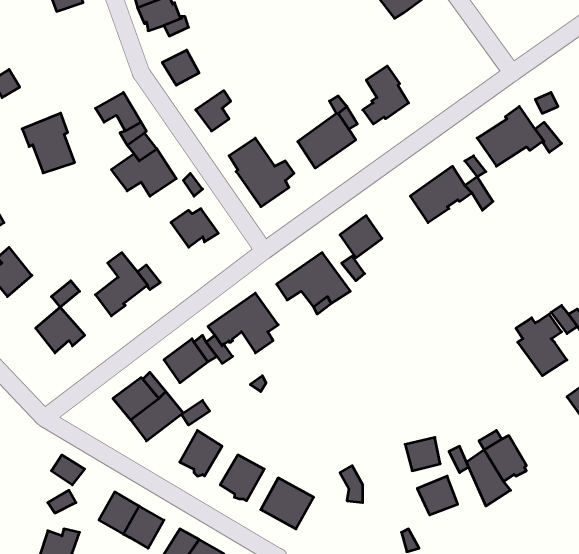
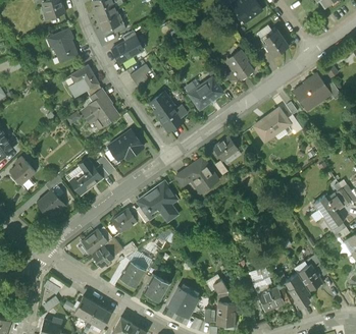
building: none -> [261,30,289,57]
building: [22,113,75,173] -> [47,27,78,62]
building: none -> [215,301,235,327]

